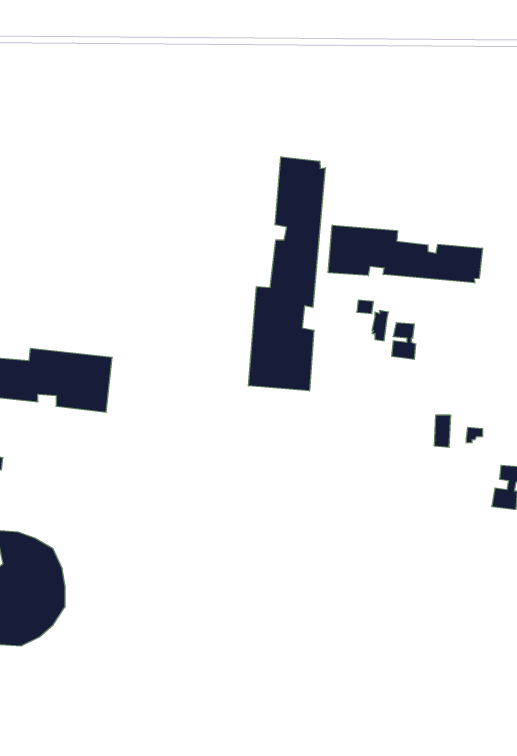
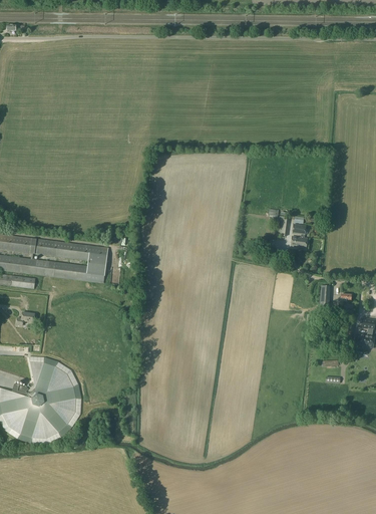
building: [248,157,325,391] -> none
building: [328,225,482,283] -> none

